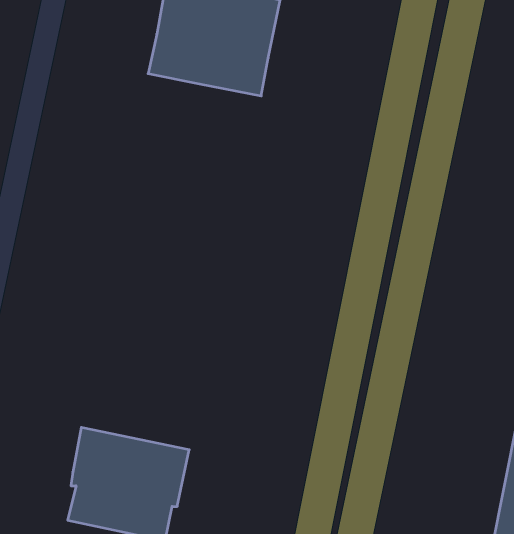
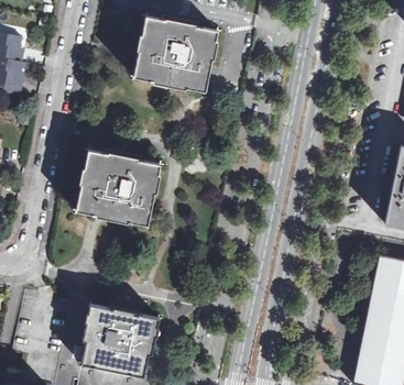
building: none -> [76,148,161,224]

